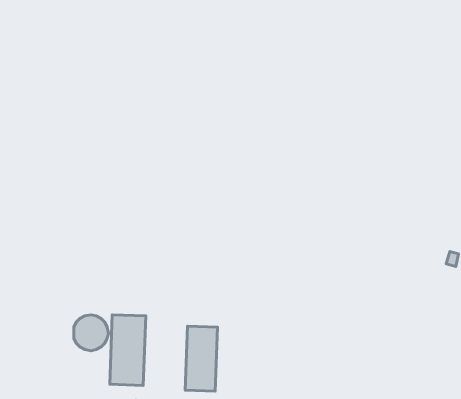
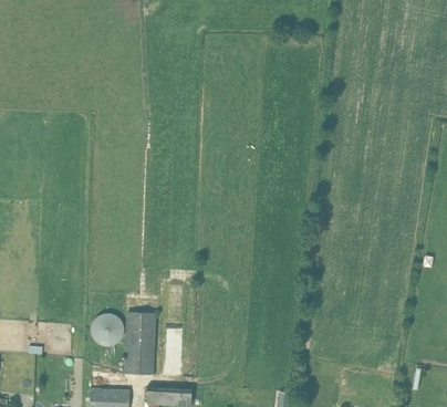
building: [185,326,217,391] -> none

